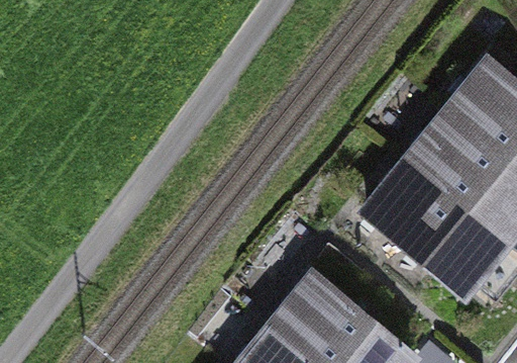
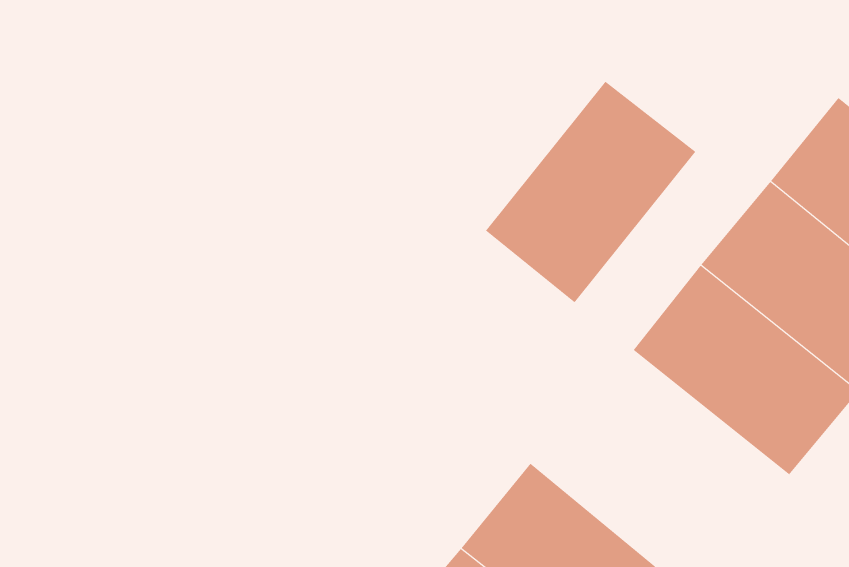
building: none -> [485,81,696,303]

